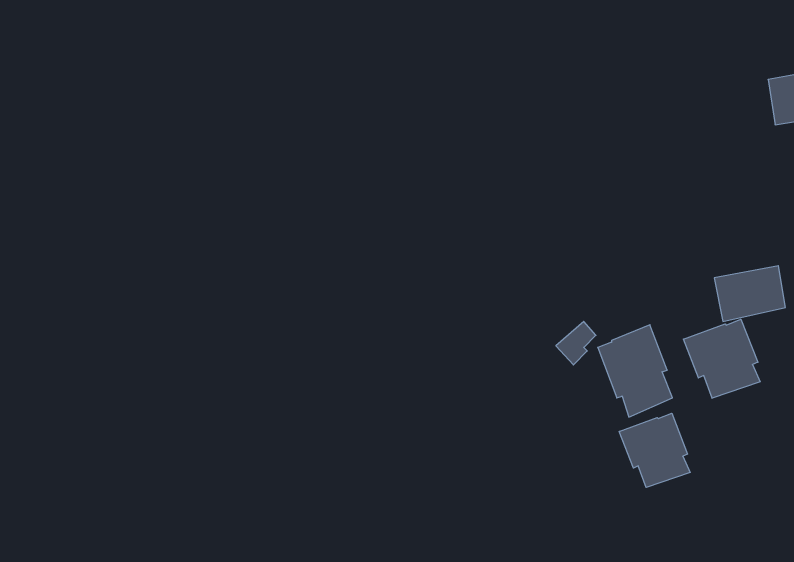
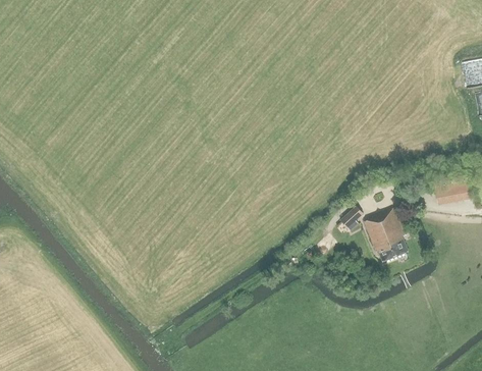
building: [683,319,760,398] -> none
building: [619,413,690,487] -> none

